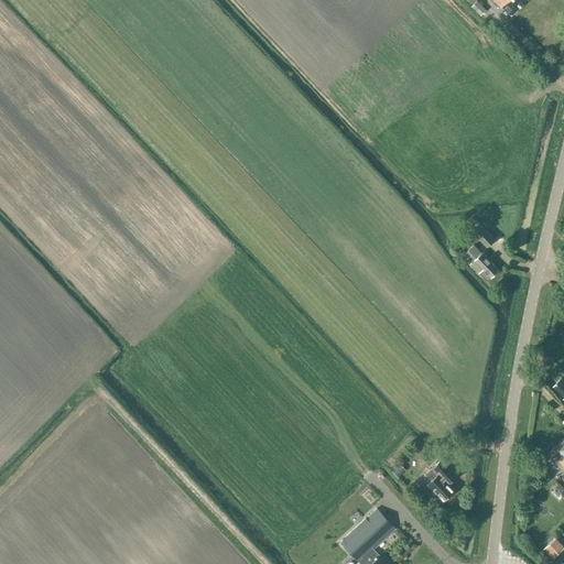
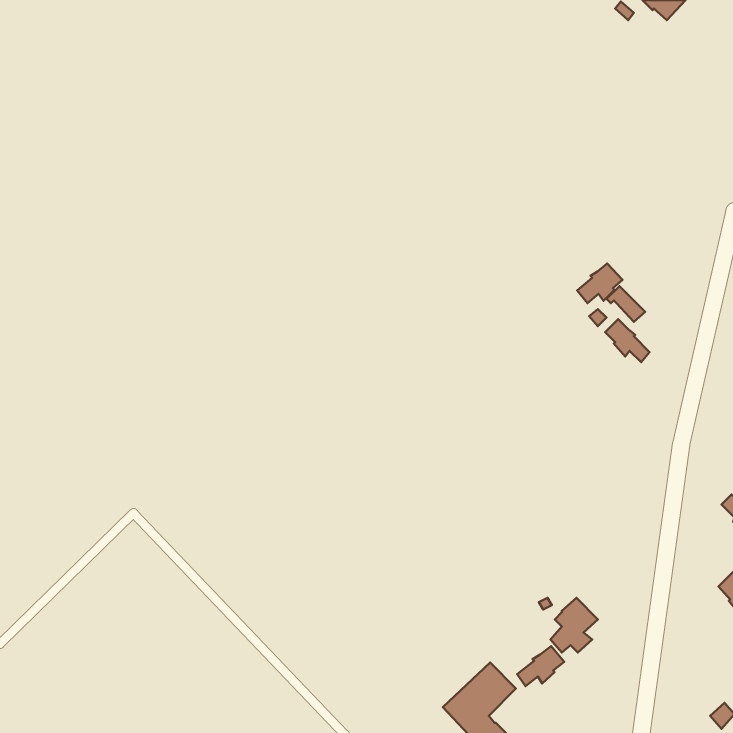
building: none -> [577,263,622,303]
building: none -> [517,646,564,686]

